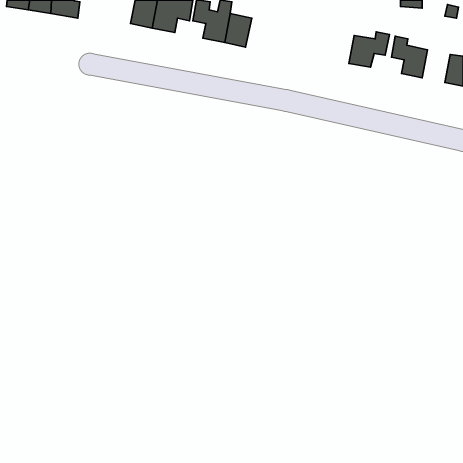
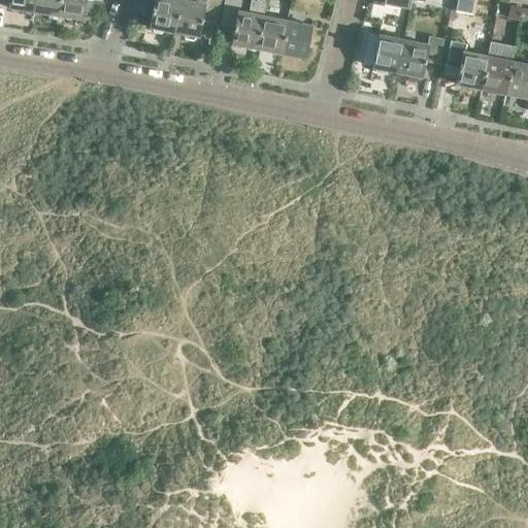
building: none -> [279,21,311,59]
building: none -> [372,35,403,72]
building: none -> [481,42,516,94]

